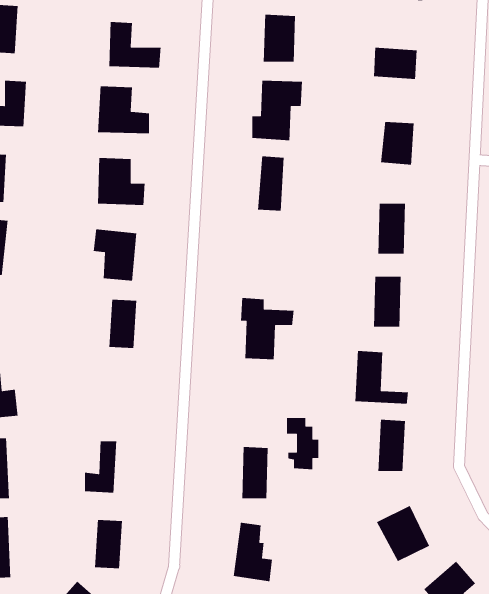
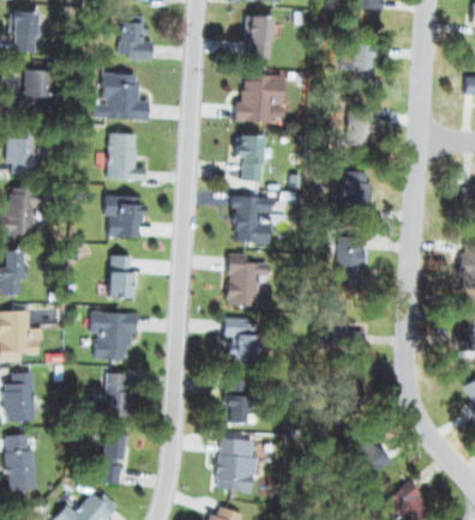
building: none -> [230,195,277,242]
building: none -> [94,314,134,362]
building: [286,417,319,470] -> [228,320,255,364]

